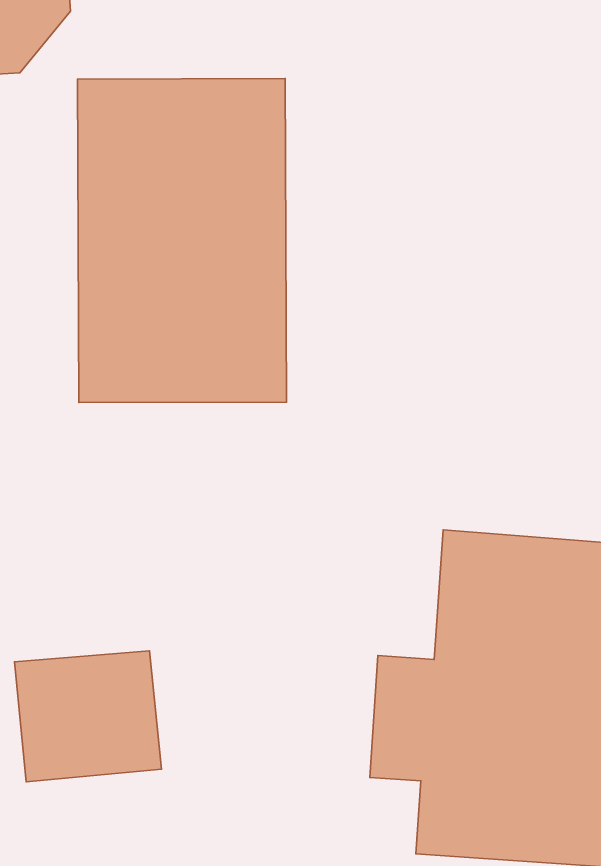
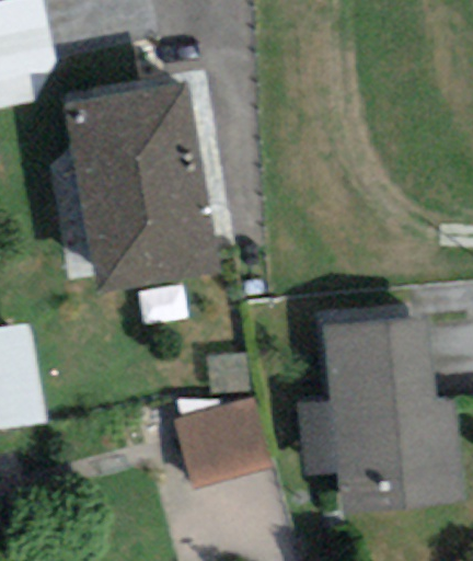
building: [14,651,162,782] -> [173,398,268,485]

